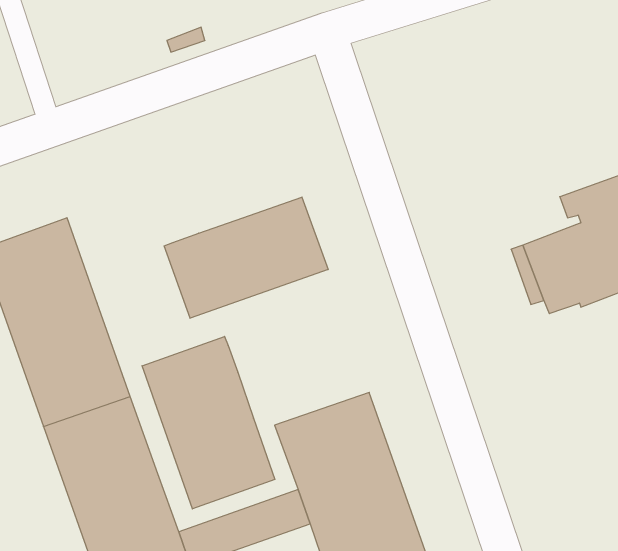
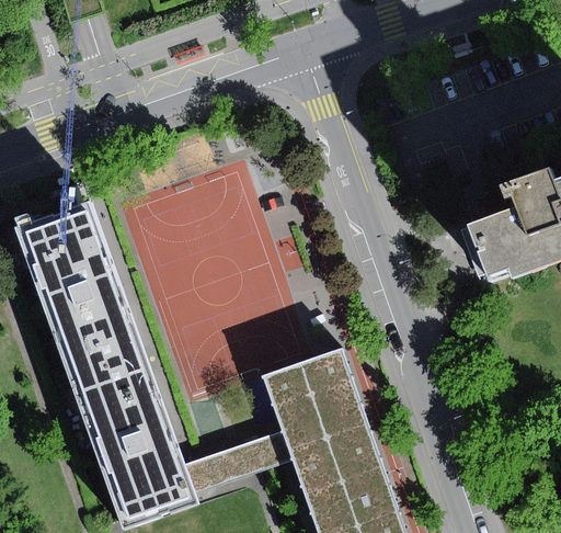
building: [164,197,328,318] -> none
building: [142,336,275,509] -> none

